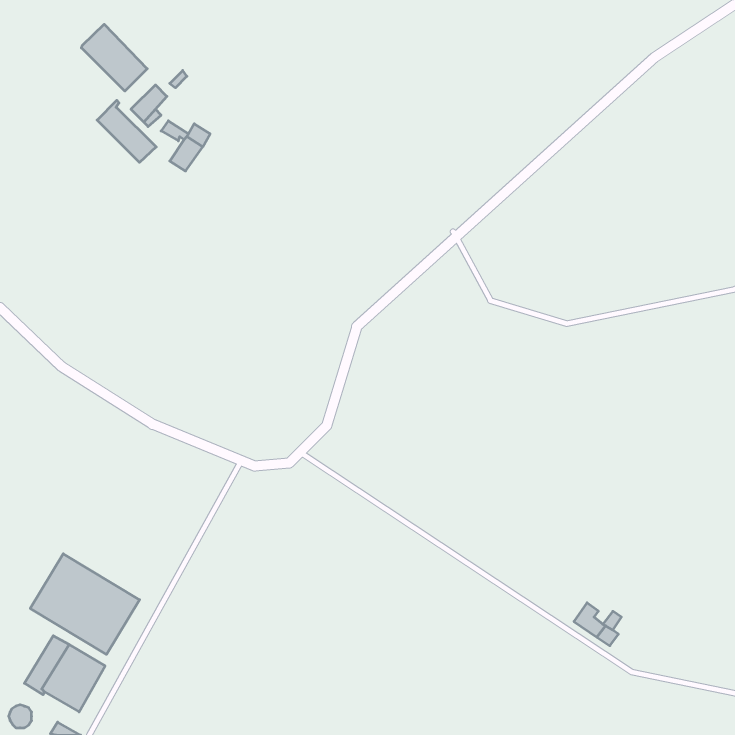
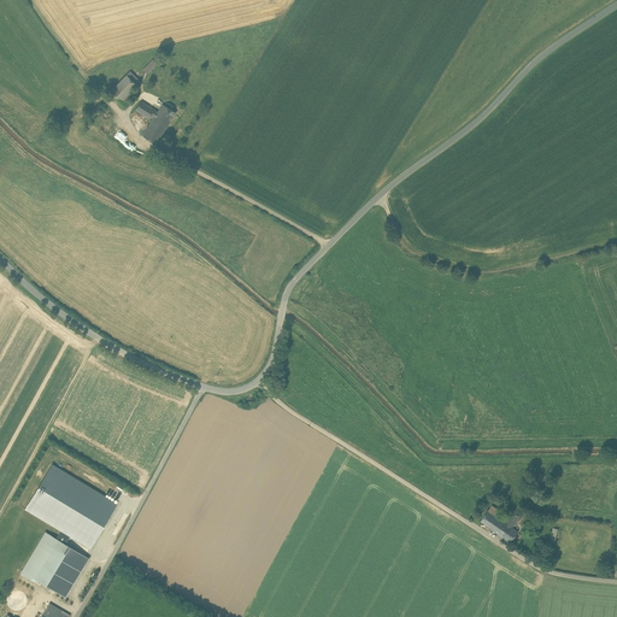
building: [81,24,147,91] -> none
building: [97,100,156,162] -> none

